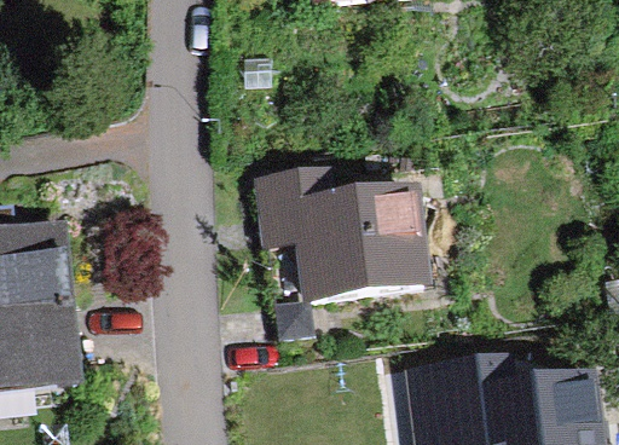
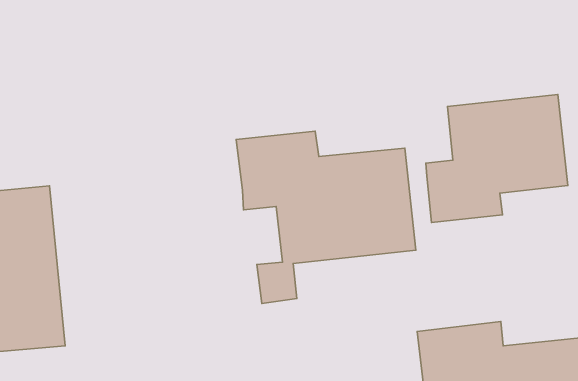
building: none -> [426,95,568,222]

